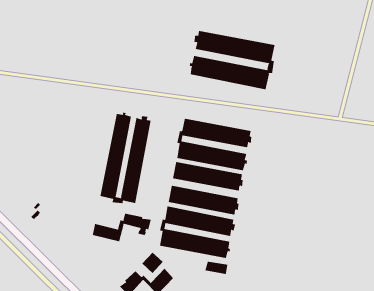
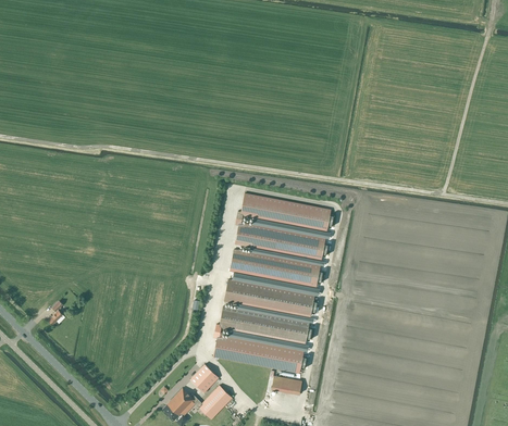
building: [189,30,275,90] -> none
building: [100,112,151,205] -> none
building: [92,213,151,242] -> none

